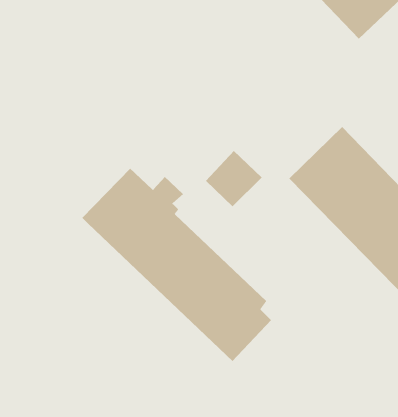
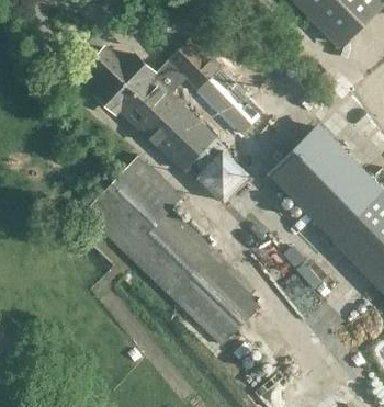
building: none -> [90,37,262,170]

